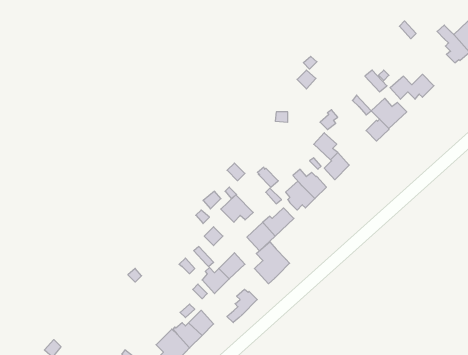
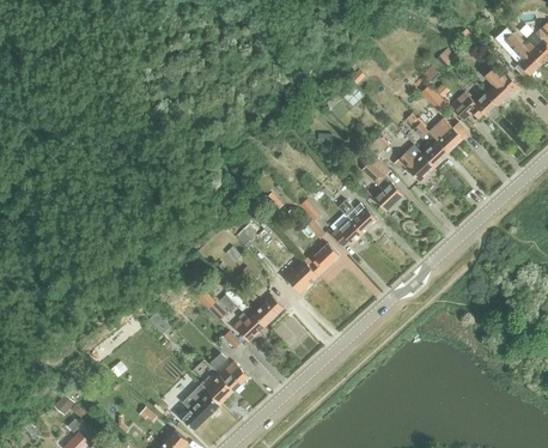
building: none -> [483,63,517,103]
building: none -> [394,152,433,181]
building: [221,195,253,222] -> none
building: [254,242,290,284] -> none
building: [227,289,257,323] -> none

